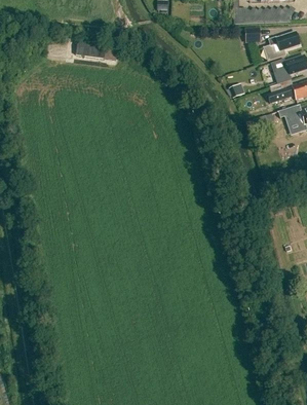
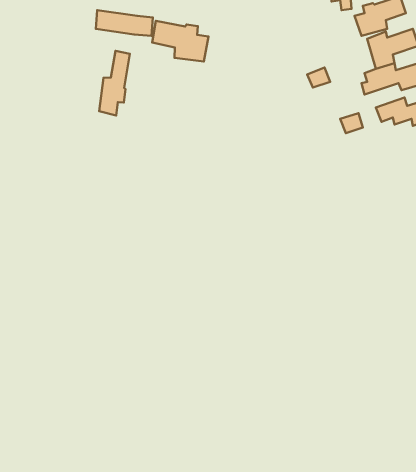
building: none -> [152,21,209,62]
building: none -> [99,51,130,115]

